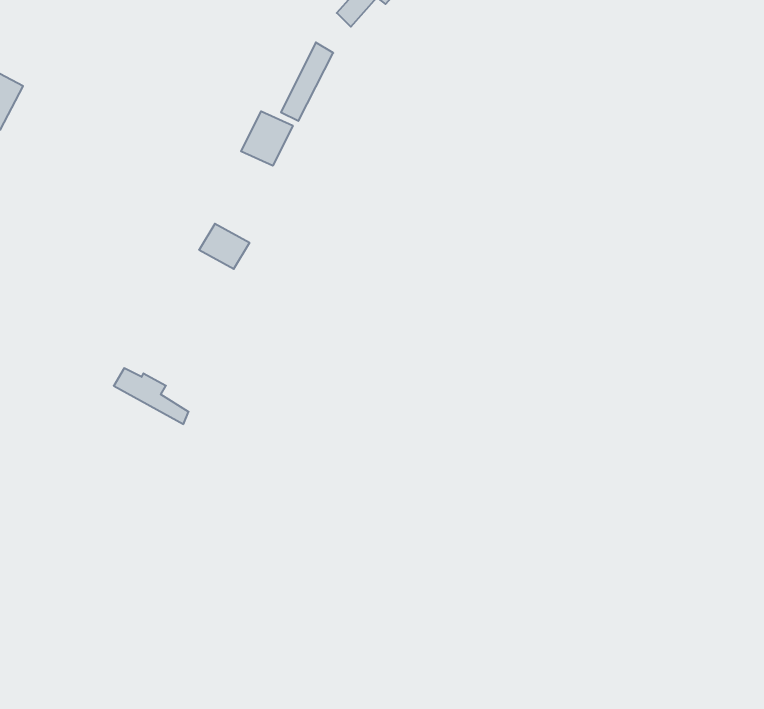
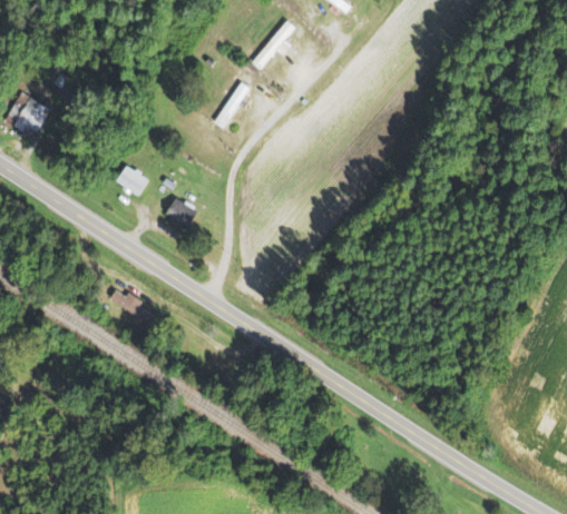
building: [241,111,293,166] -> none
building: none -> [114,164,148,195]

